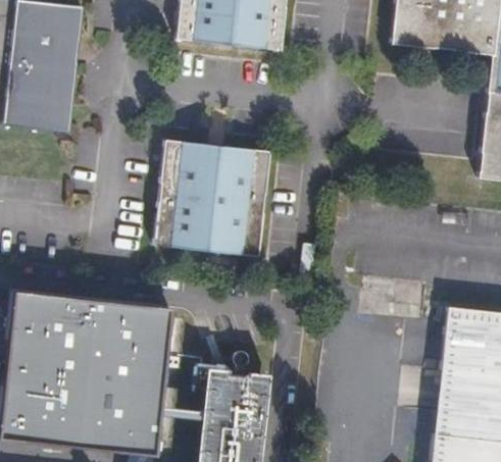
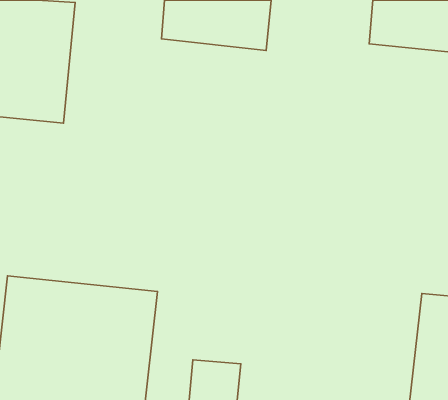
building: [154,141,274,259] -> none

